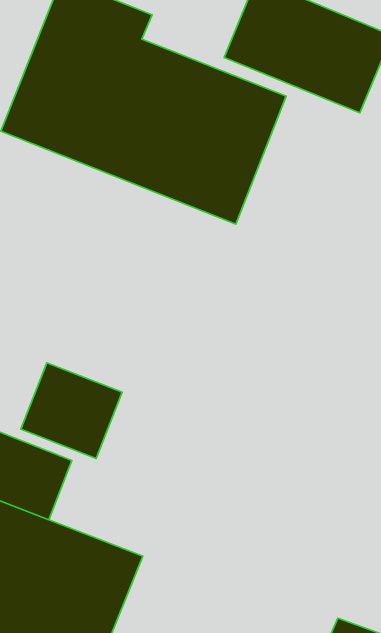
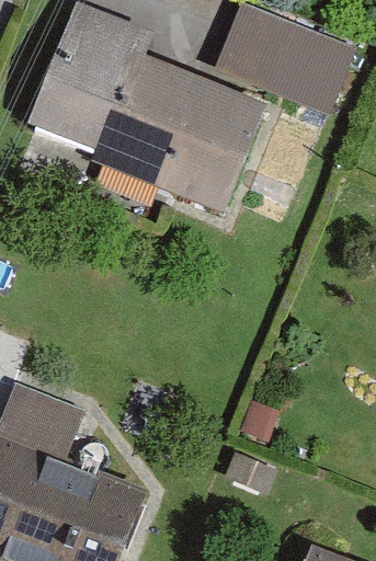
building: [21,363,122,458] -> none

